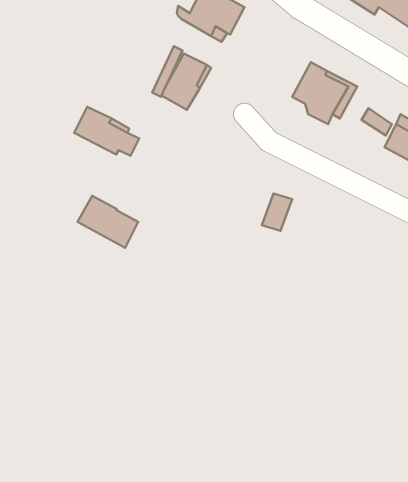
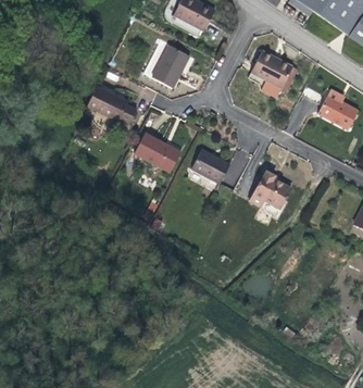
building: none -> [190,149,229,182]
building: [78,196,138,248] -> [133,132,178,171]
building: none -> [249,171,290,215]

